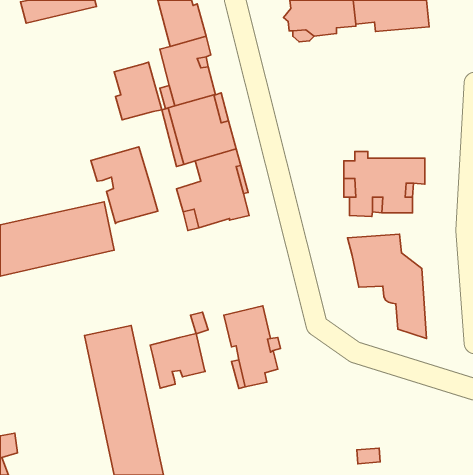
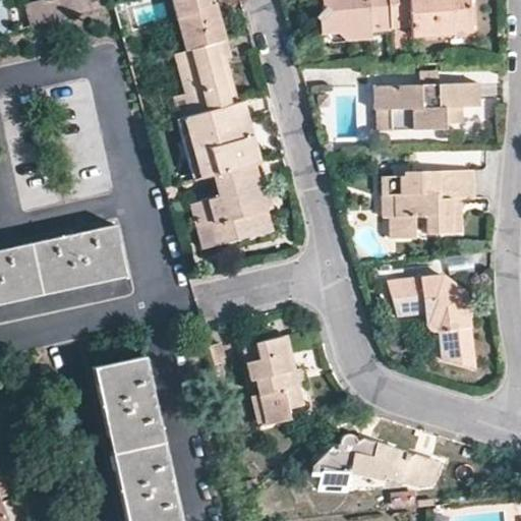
building: [114,62,162,120] -> none
building: none -> [370,85,475,130]
building: [91,147,158,223] -> none
building: [150,334,205,388] -> none
building: none -> [320,438,444,488]

